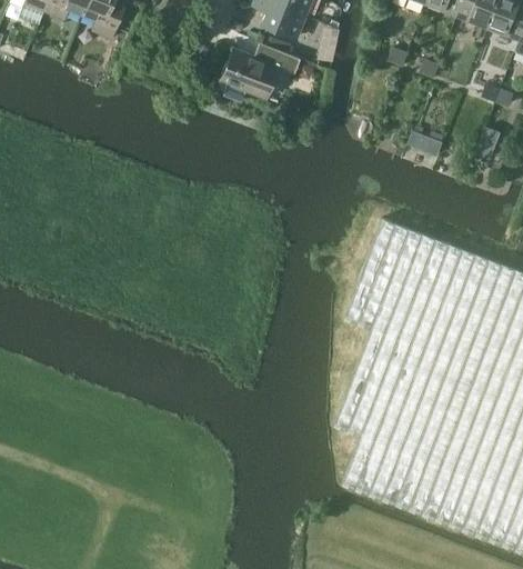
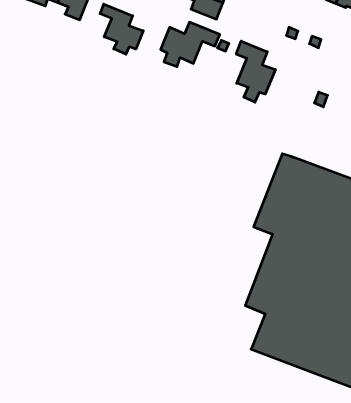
building: none -> [100,4,143,54]
building: none -> [236,41,275,102]

